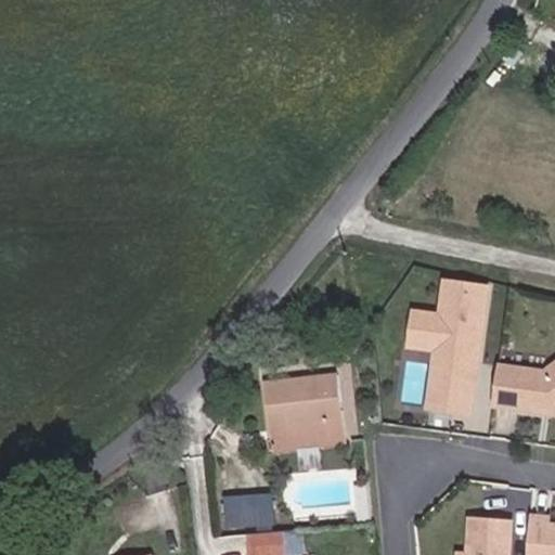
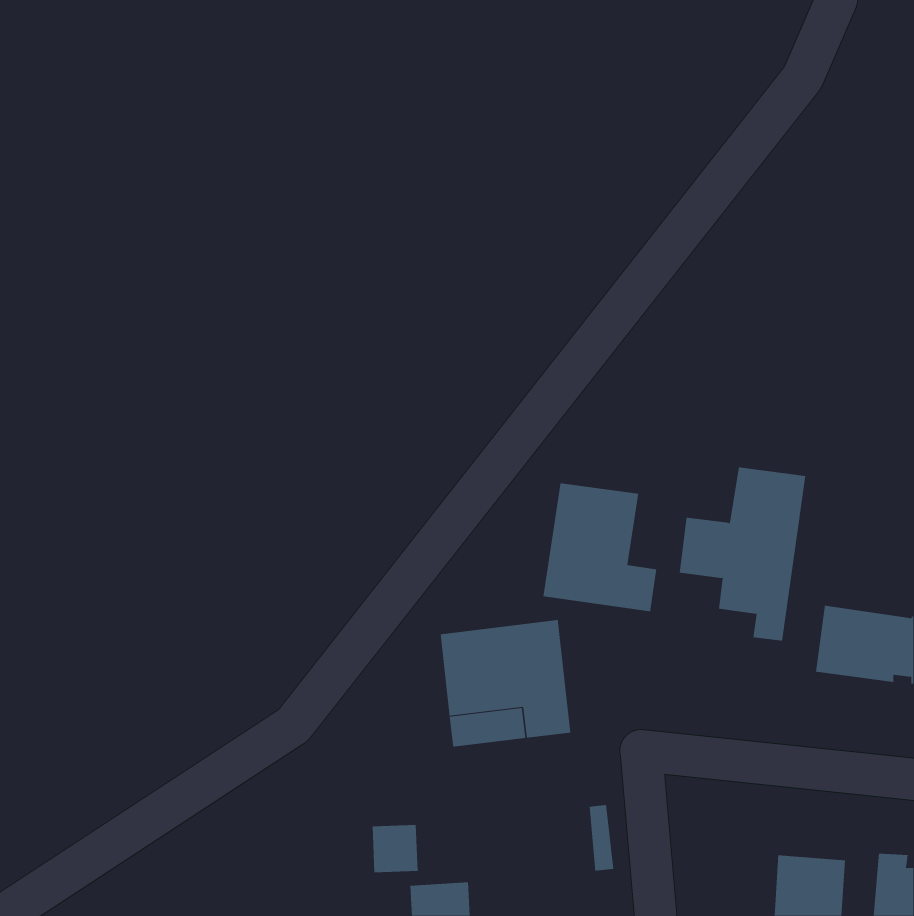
building: none -> [543,482,657,612]
building: [428,367,473,413] -> none

